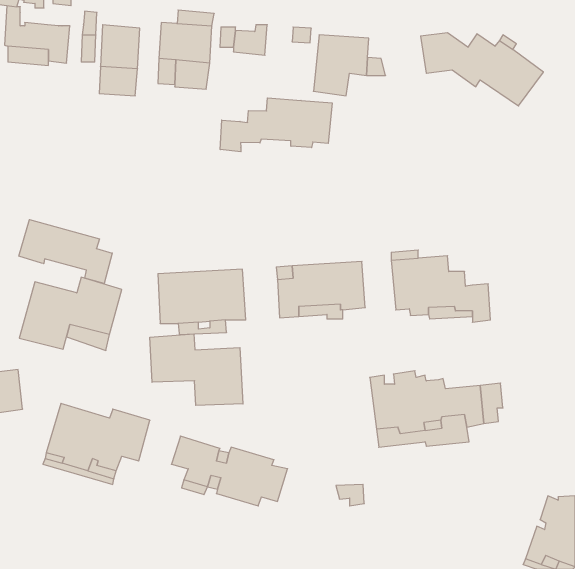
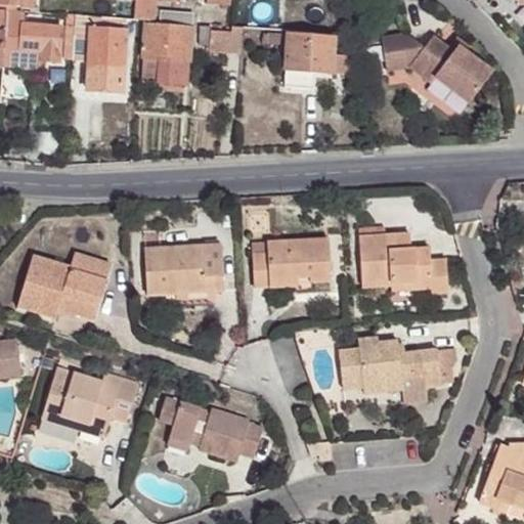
building: [220,98,332,152] -> none
building: [19,220,112,284] -> none
building: [150,334,243,405] -> none

